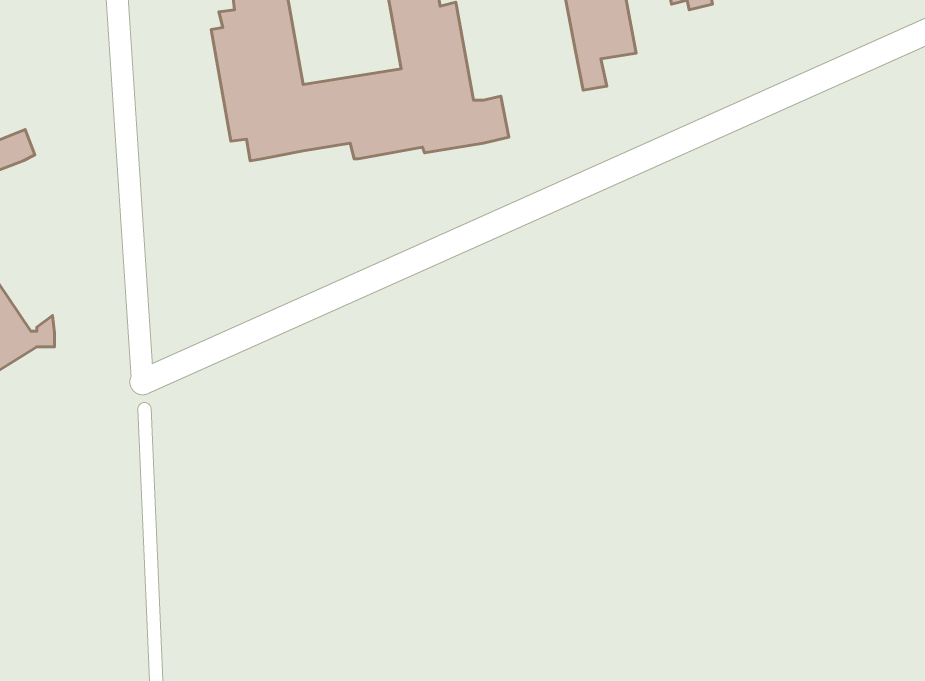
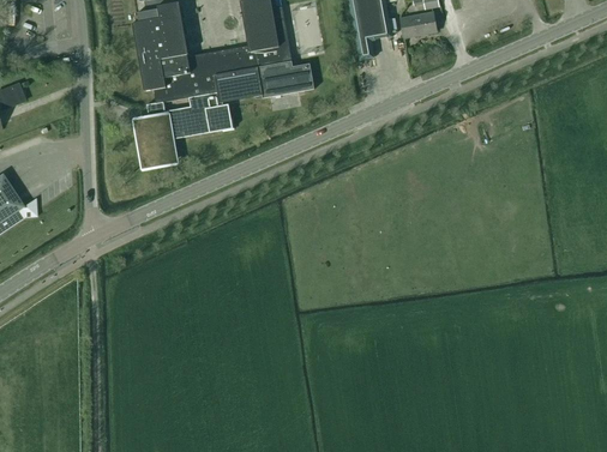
building: none -> [401,12,437,36]
building: none -> [136,91,233,164]

